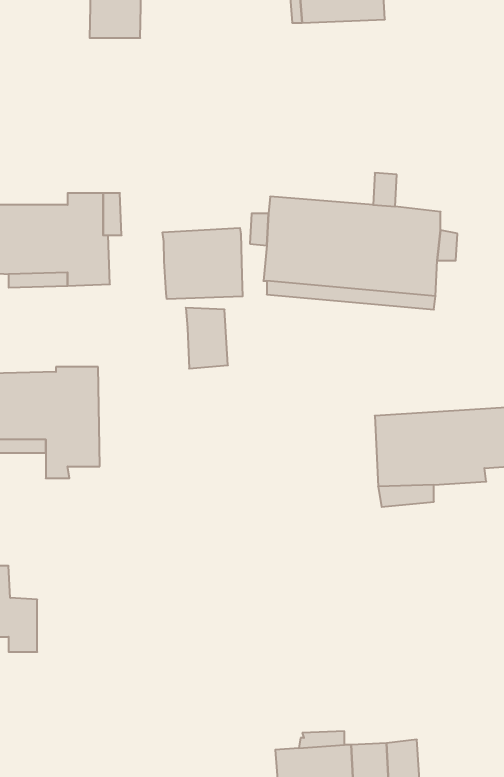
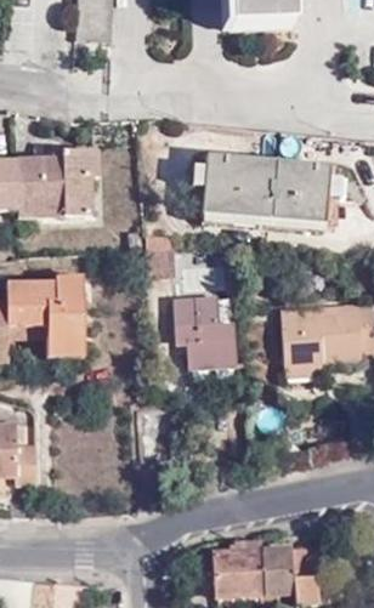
building: [163,228,243,299] -> none
building: none -> [174,296,233,366]

